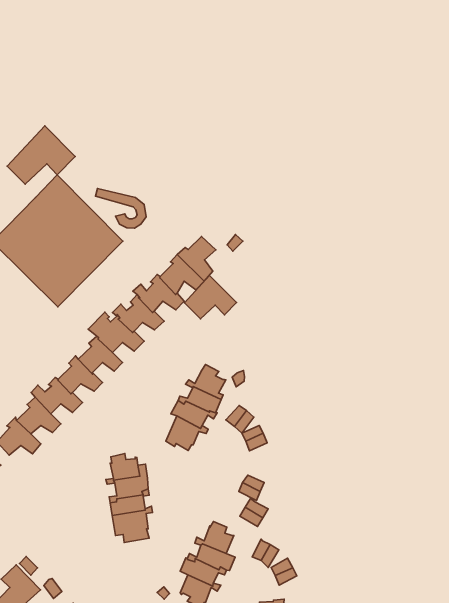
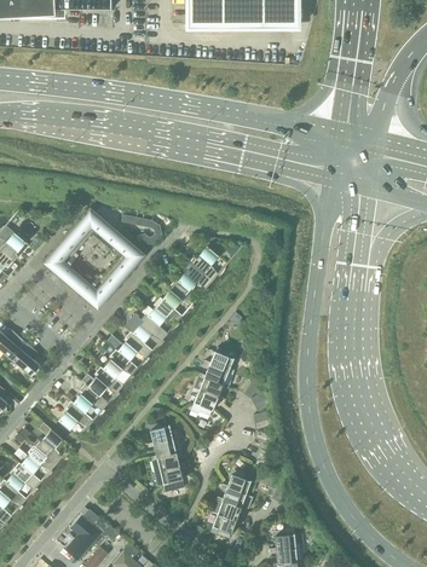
building: [7,126,75,184] -> none
building: [184,276,236,319] -> none

